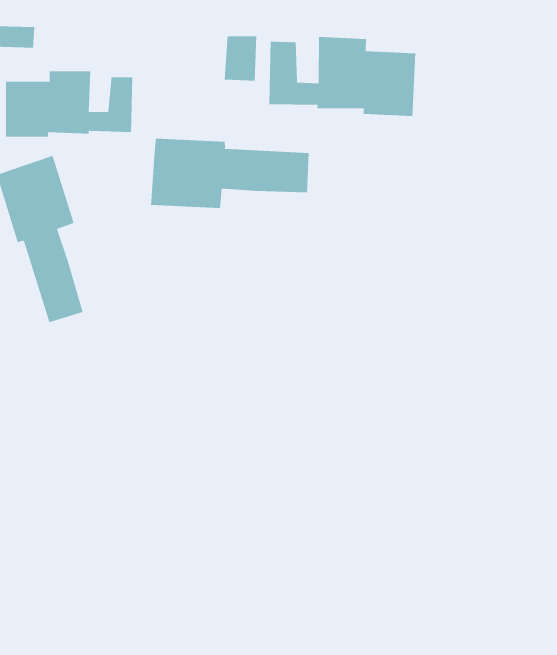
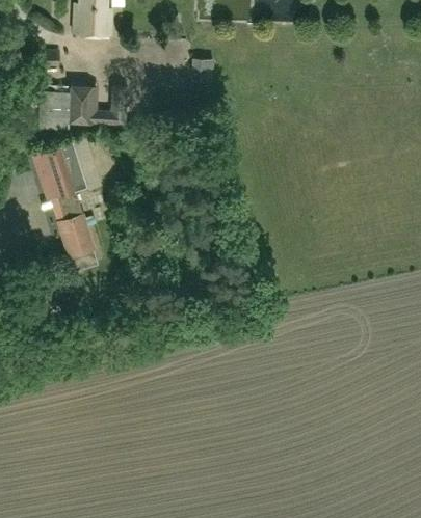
building: [269,36,416,117] -> none
building: [151,138,309,209] -> none

